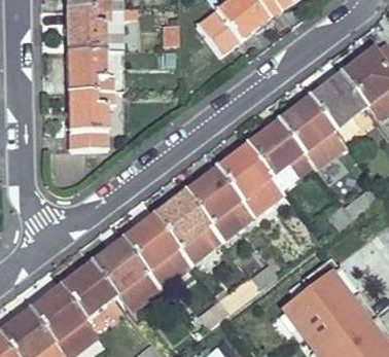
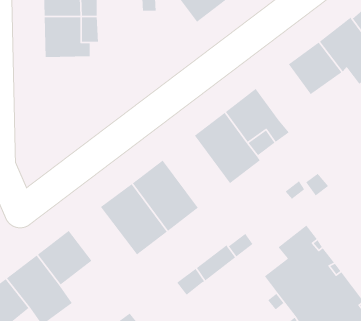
building: [69,90,115,150] -> none
building: [279,97,347,170] -> none
building: [186,168,253,240] -> none
building: [93,239,161,310] -> none

